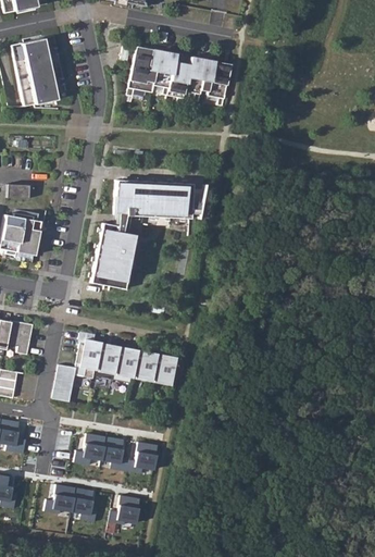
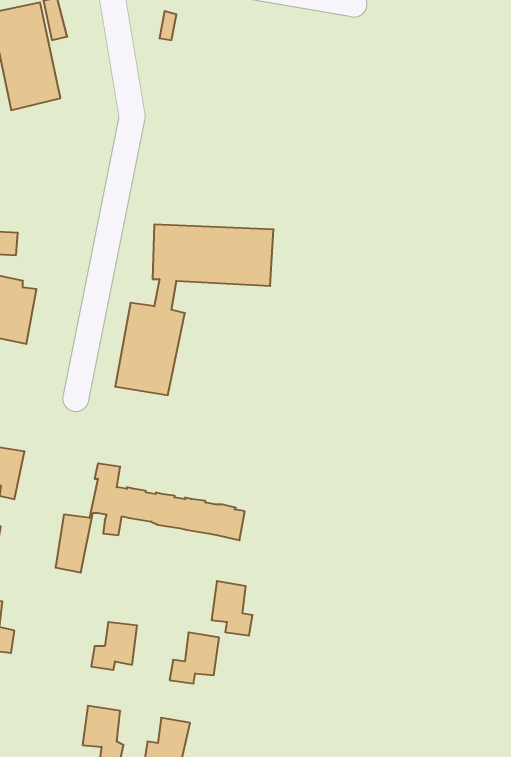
building: [127,46,230,106] -> none
building: [102,435,128,470] -> [212,581,253,636]
building: [45,483,74,515] -> none

